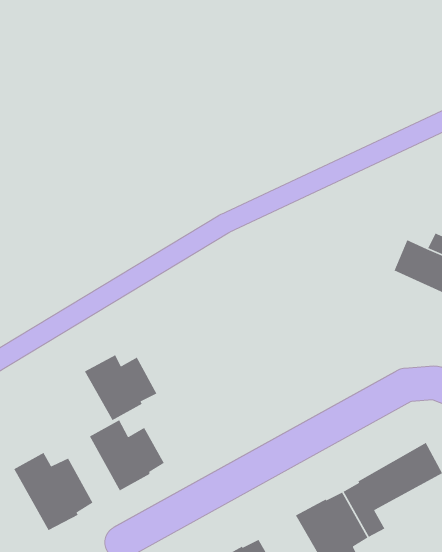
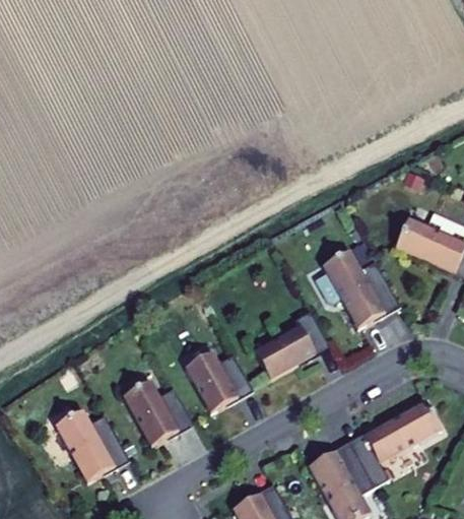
building: none -> [323,250,398,328]
building: none -> [255,310,329,378]
building: [84,354,157,421] -> [185,351,251,411]

